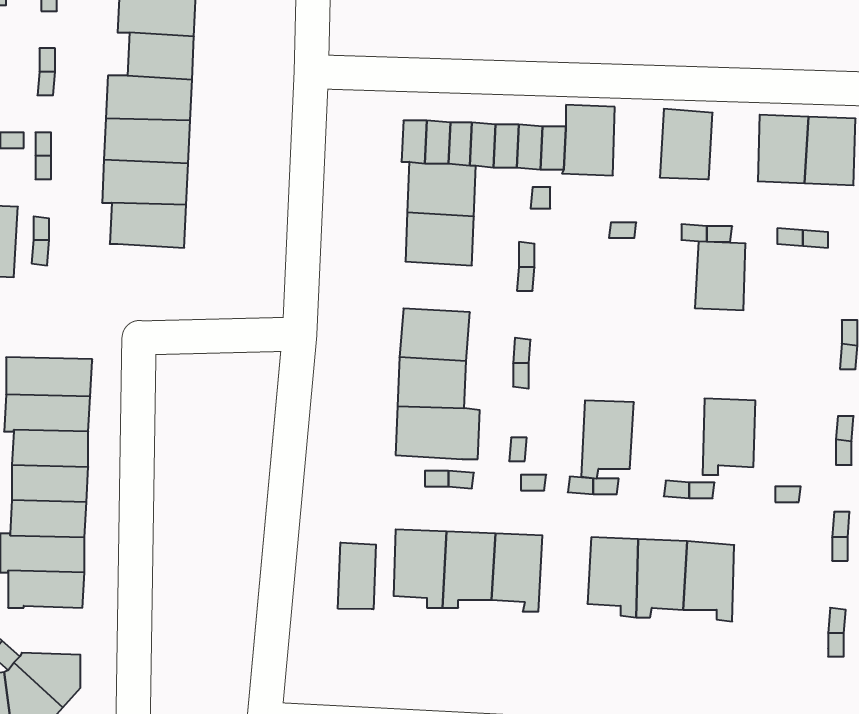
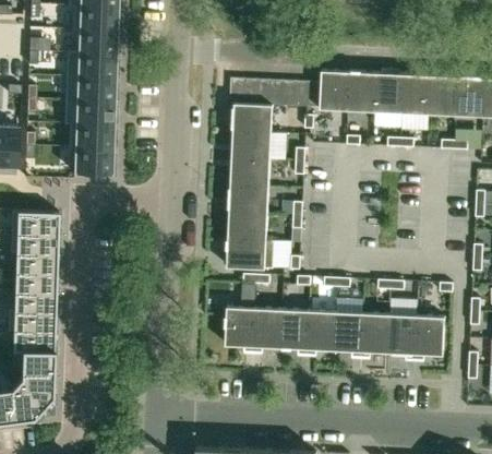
building: none -> [349,72,377,111]
building: [695,242,746,310] -> [403,75,431,114]
building: none -> [72,148,110,174]
building: none -> [232,158,271,187]
building: [703,399,755,475] -> [416,316,445,359]
building: [581,400,634,479] -> [308,311,337,355]
building: [338,542,376,609] -> none
building: none -> [20,350,53,378]

